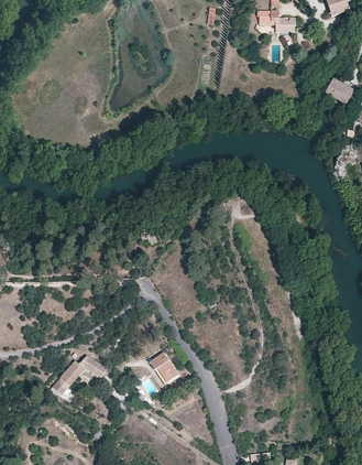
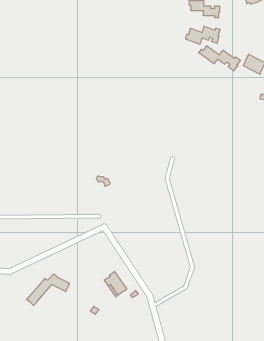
building: none -> [186,26,220,44]
building: none -> [199,46,240,71]

